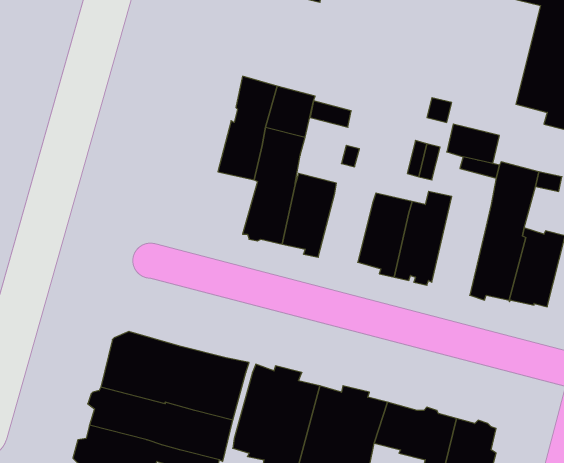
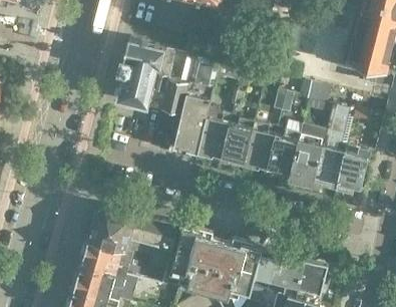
building: none -> [118,38,174,109]
building: none -> [221,116,256,165]
building: none -> [290,123,326,185]

